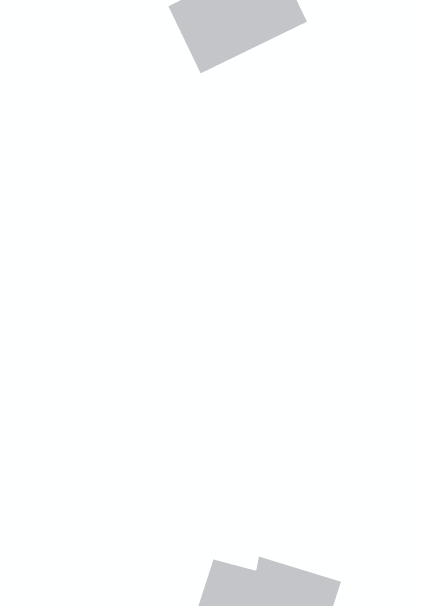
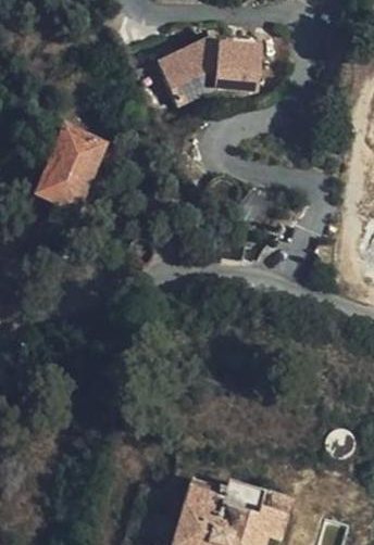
building: none -> [36,131,103,214]

